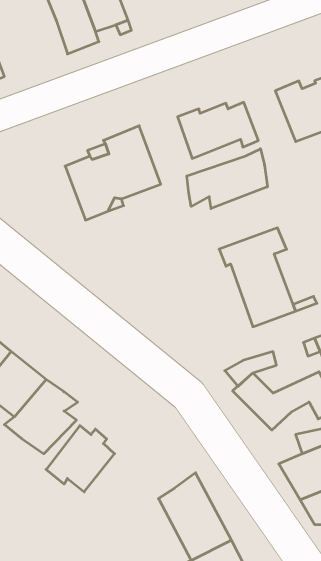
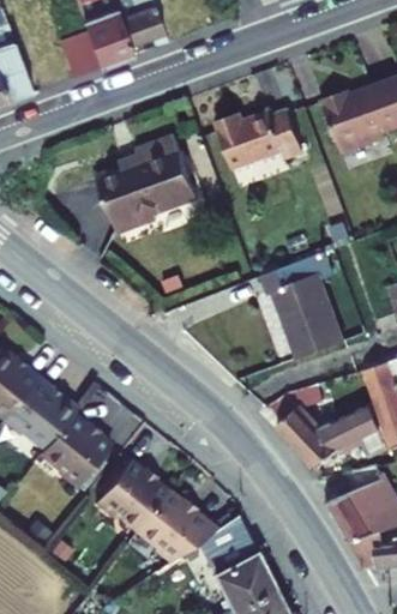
building: none -> [60,28,101,73]
building: [187,149,267,209] -> none
building: none -> [119,490,197,564]

